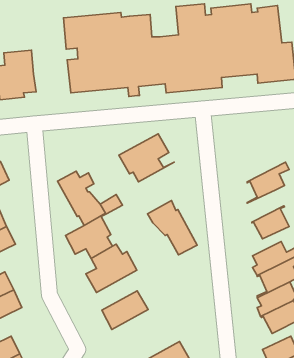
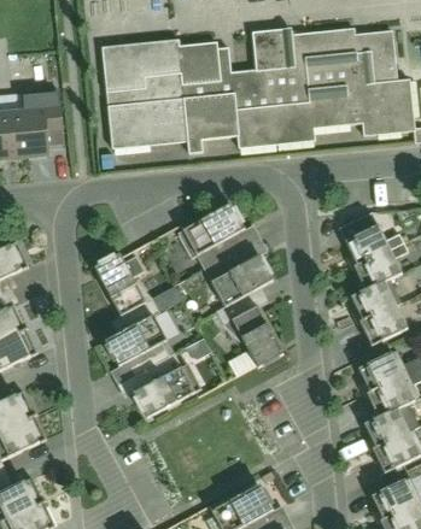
building: none -> [345,212,403,269]
building: none -> [204,242,273,312]
building: none -> [351,280,400,323]
building: [102,291,148,330] -> none

